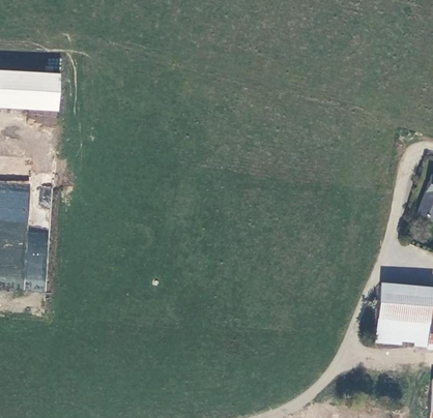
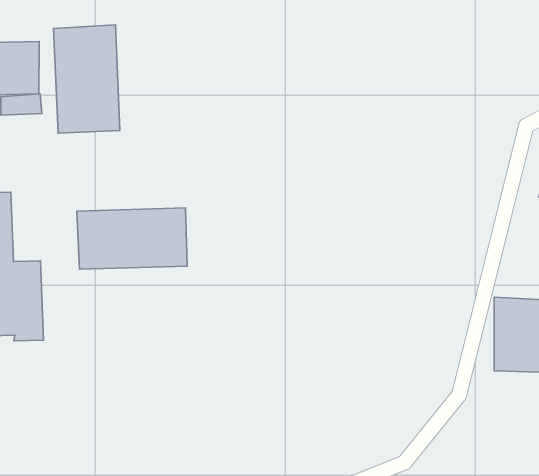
building: none -> [54,25,120,133]
building: none -> [77,208,187,269]

